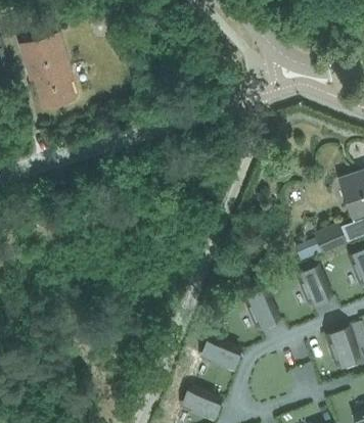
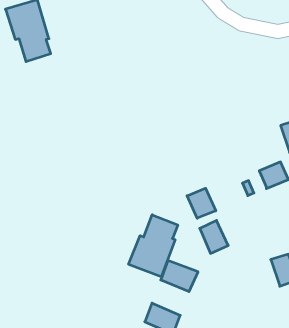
building: none -> [187,188,216,218]
building: [298,267,330,304] -> none
building: none -> [129,215,178,277]

